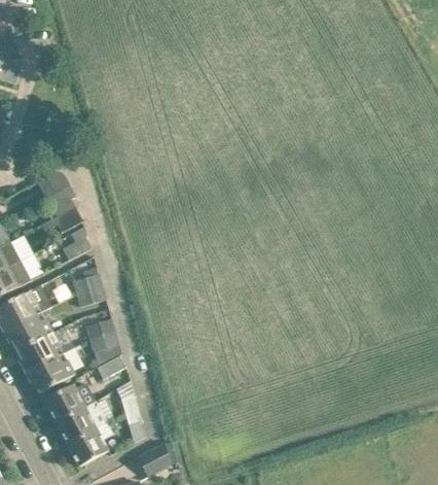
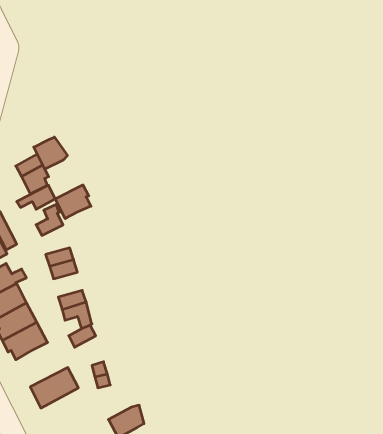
building: none -> [34,137,67,169]
building: none -> [55,185,91,219]
building: [43,382,95,421] -> none
building: [66,422,111,465] -> none

